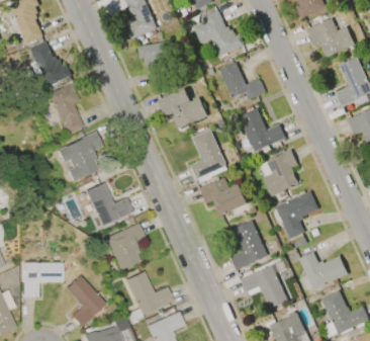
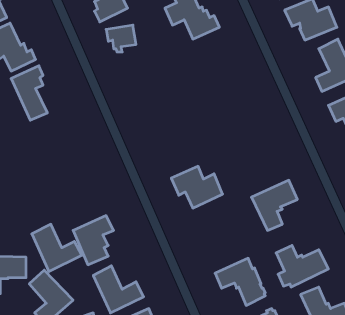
building: [219,63,266,100] -> none
building: [159,89,206,129] -> none
building: [239,108,285,156] -> none
building: [188,130,227,183] -> none
building: [58,132,103,182] -> none
building: [260,150,298,196] -> none
building: [85,182,132,227] -> [32,224,82,271]
building: [230,221,268,269] -> none

